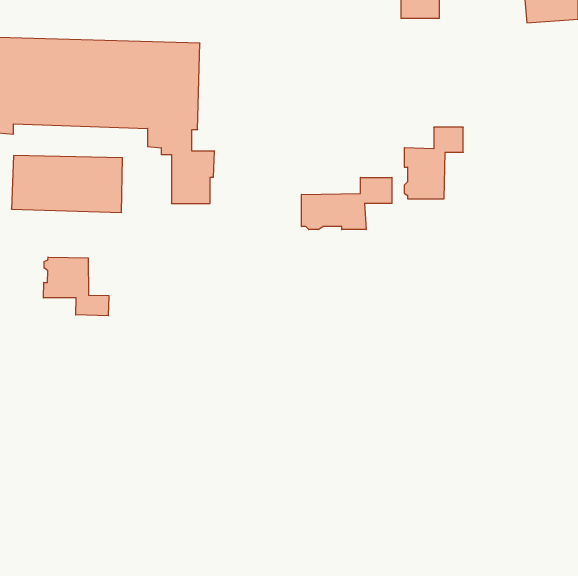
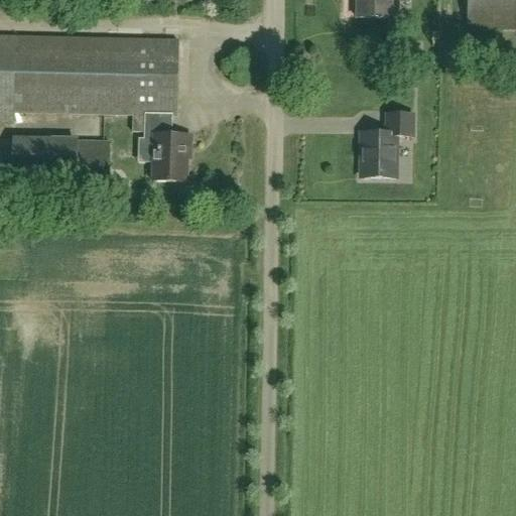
building: [302,177,392,230] -> none
building: [43,257,109,316] -> none

